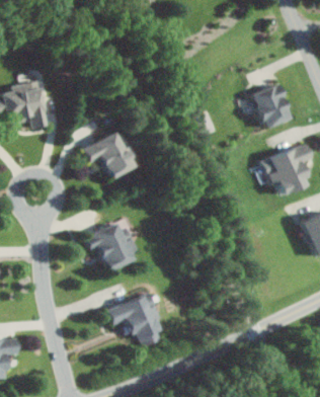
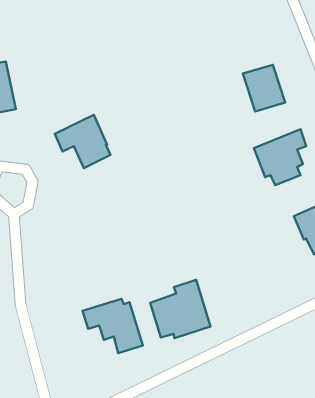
building: [85,222,138,270] -> none
building: none -> [150,280,211,338]

